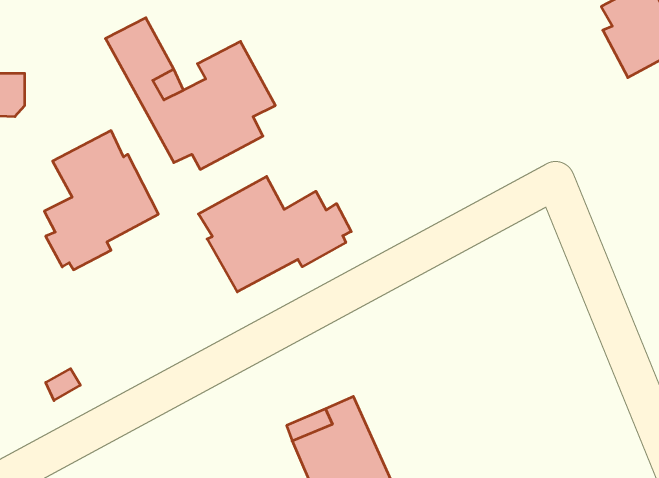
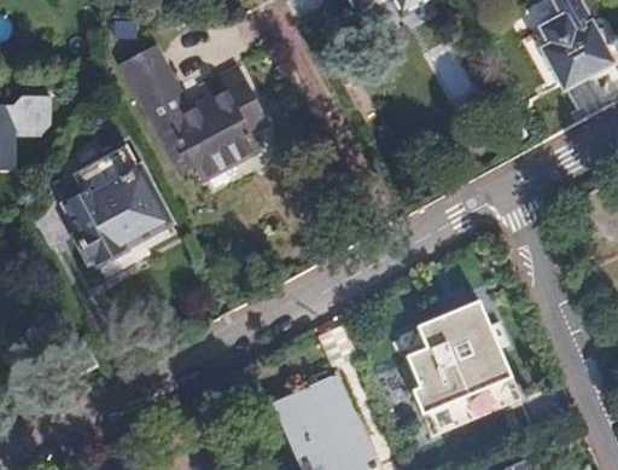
building: [198,176,351,292] -> none
building: none -> [403,297,513,434]

